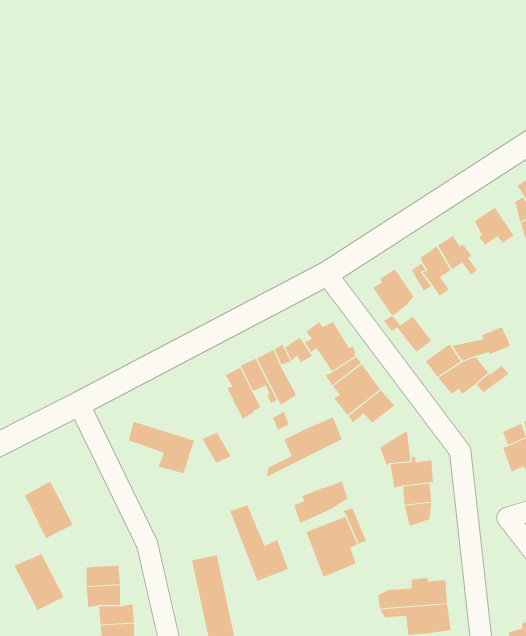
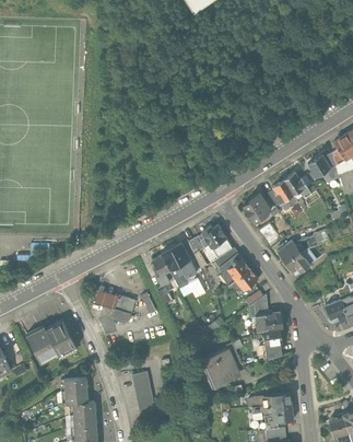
building: [266,417,342,477] -> none
building: [293,480,348,524] -> none
building: [230,505,288,582] -> none
building: [14,553,65,611] -> [45,321,77,357]

